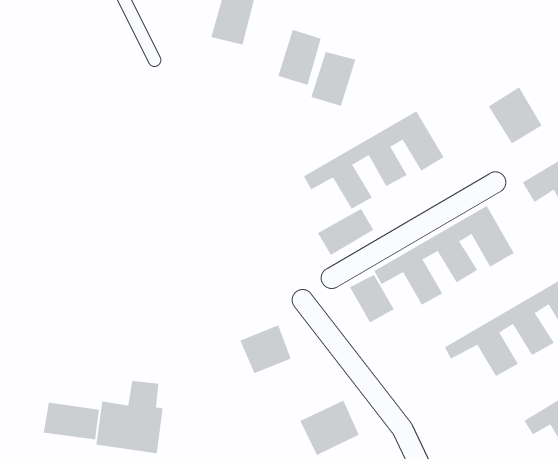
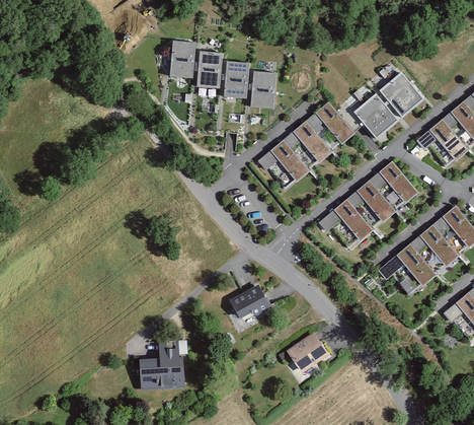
building: none -> [200,50,226,88]
building: none -> [354,95,396,138]
building: [317,208,374,256] -> none
building: [349,274,394,323] -> none
building: [43,402,100,440] -> none

